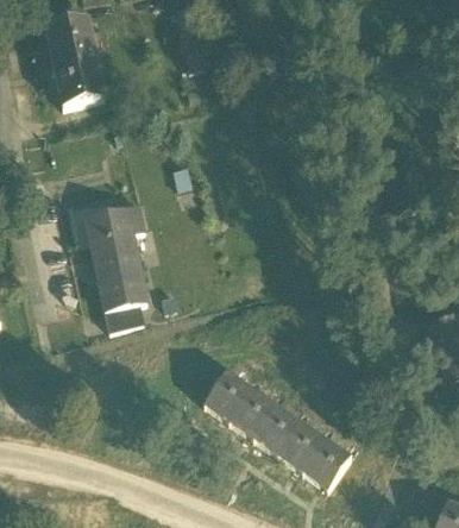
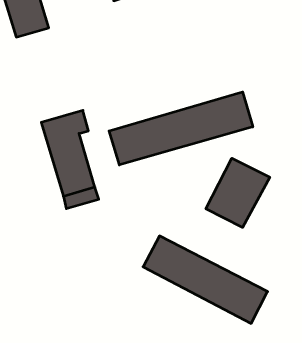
building: none -> [109,92,253,165]
building: none -> [206,158,270,227]

